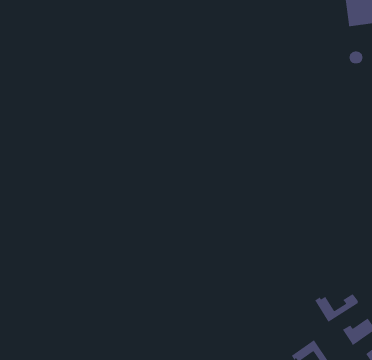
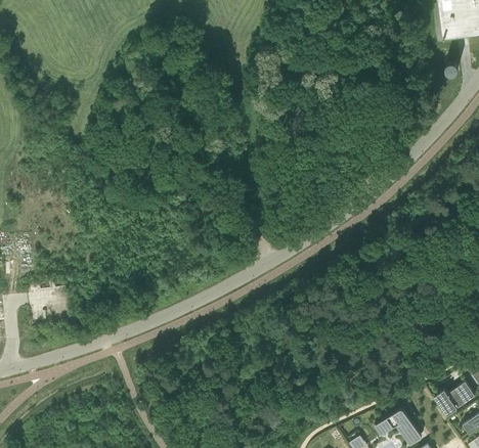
building: [314,293,359,323] -> none

